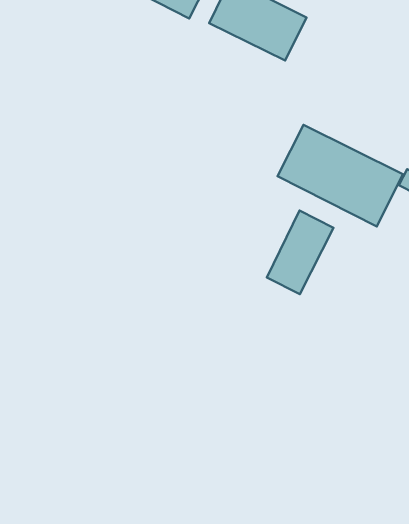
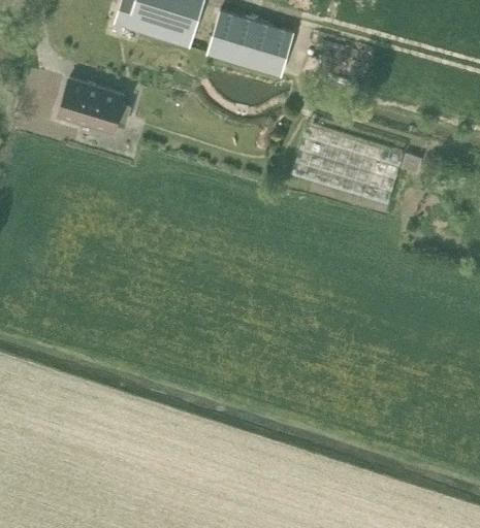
building: none -> [57,76,124,132]
building: [267,211,334,294] -> none

